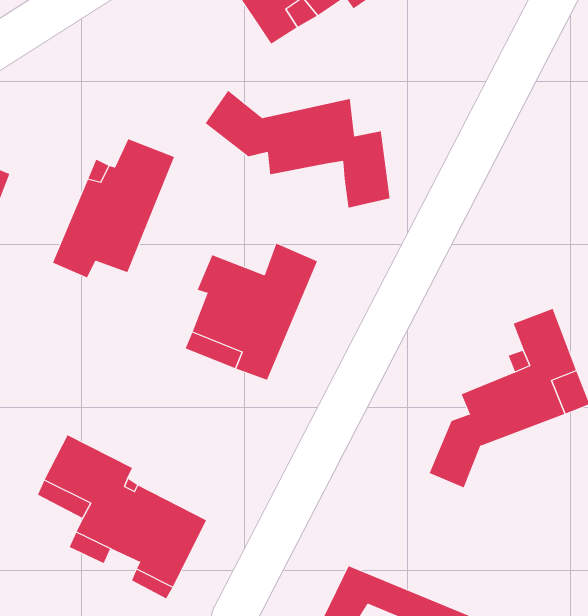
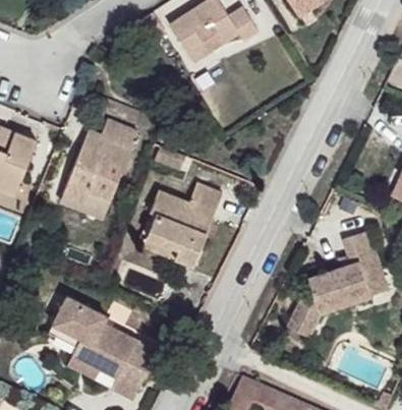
building: [205,90,390,208] -> none

